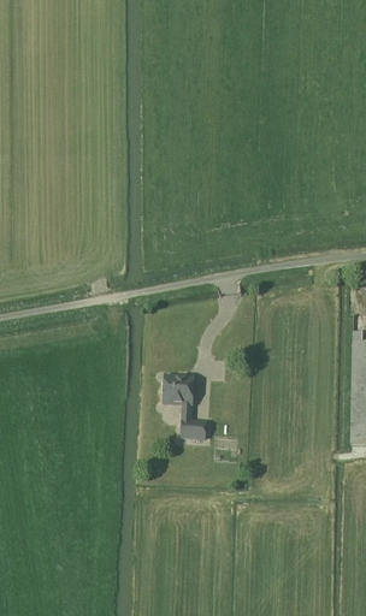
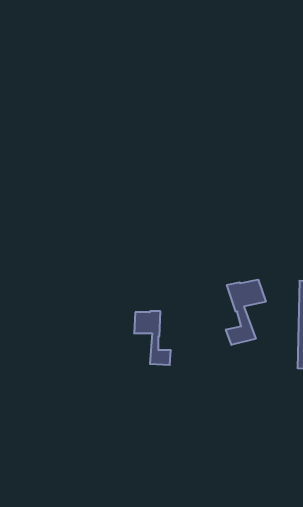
building: none -> [226,280,266,345]

